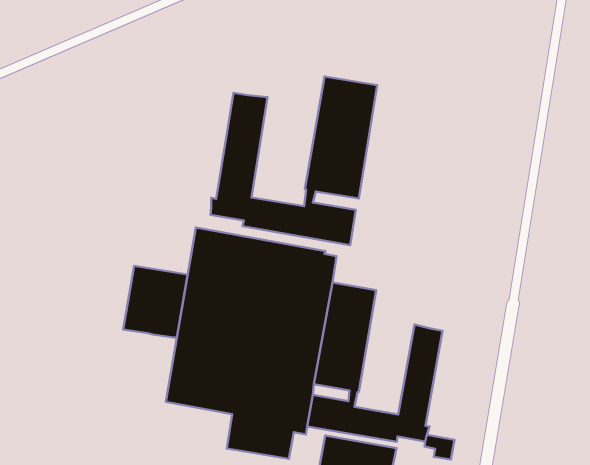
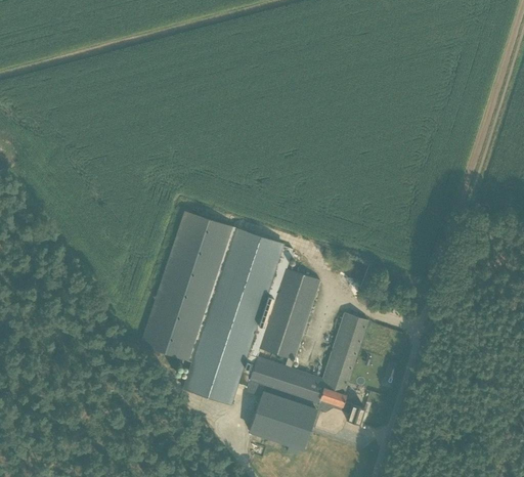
building: [210,76,377,245] -> none
building: [123,266,187,338] -> none

